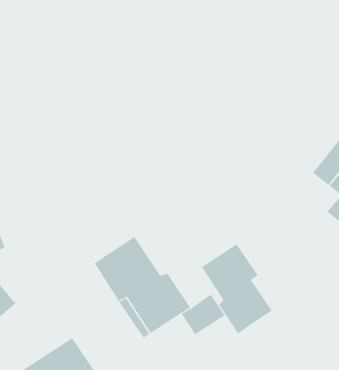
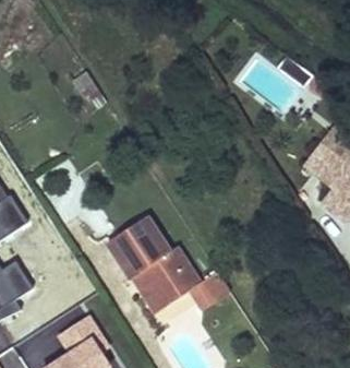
building: [201,243,272,335] -> none

